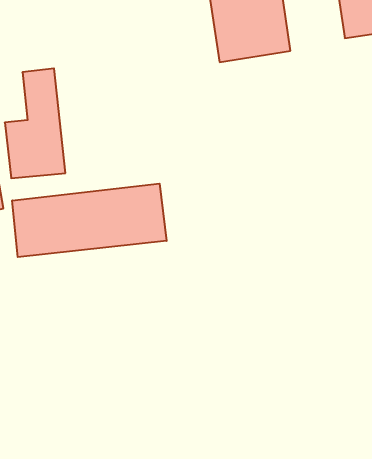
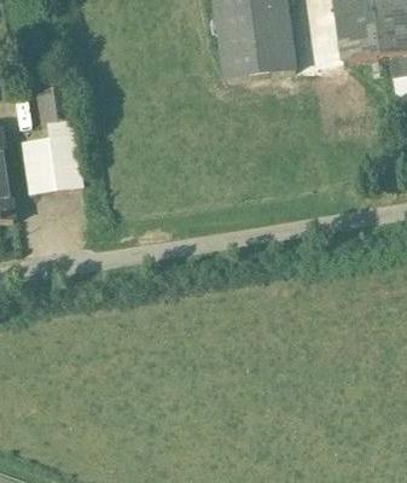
building: [12,184,167,257] -> none

